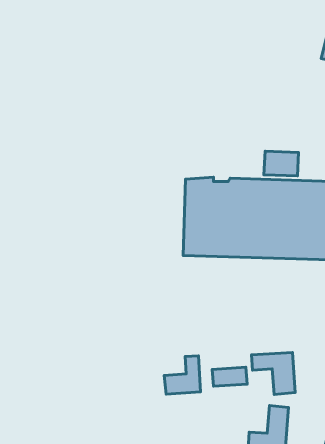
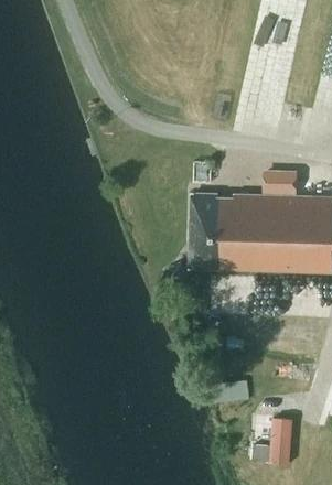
building: [252,353,295,394] -> none
building: [164,356,201,394] -> none

